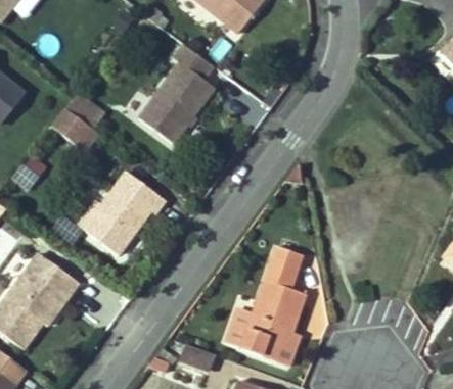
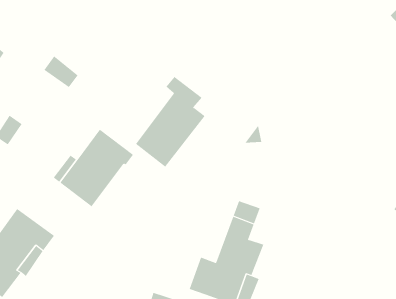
building: [142,42,218,140] -> [135,76,205,168]
building: [53,107,95,146] -> none

